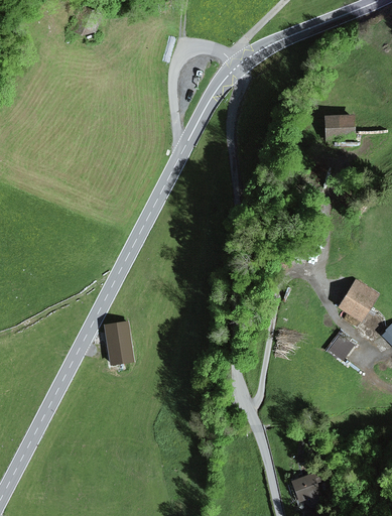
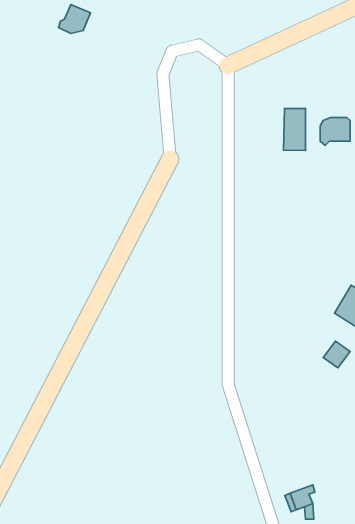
building: none -> [284,108,305,151]
building: [105,321,132,364] -> none

